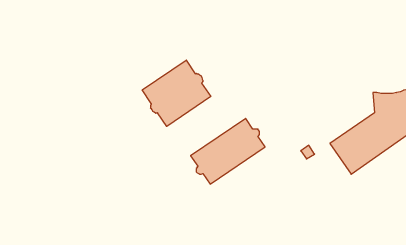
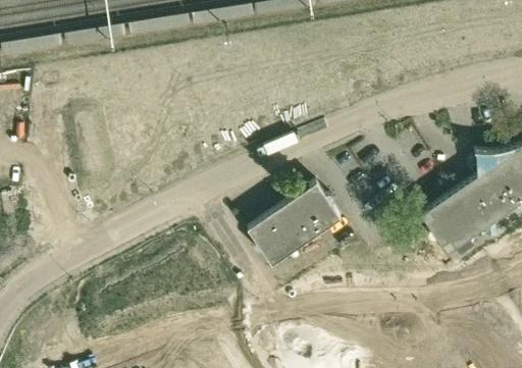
building: [142,60,211,126] -> none

